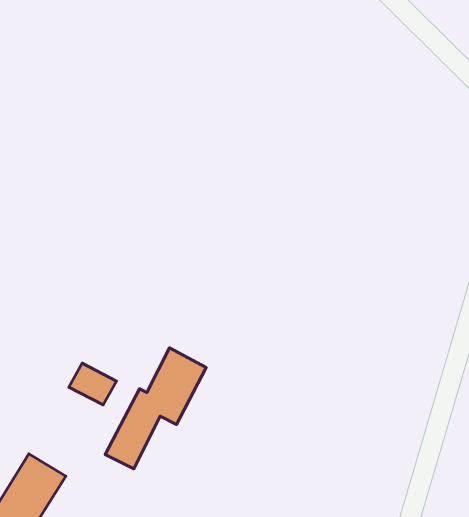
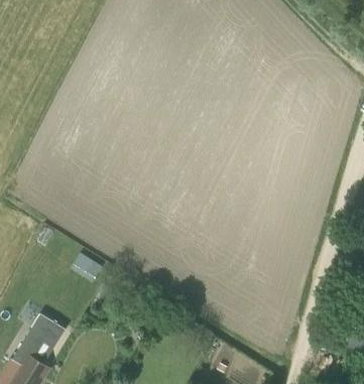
building: [105,348,206,469] -> none

